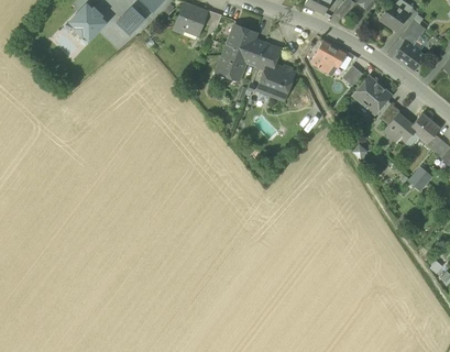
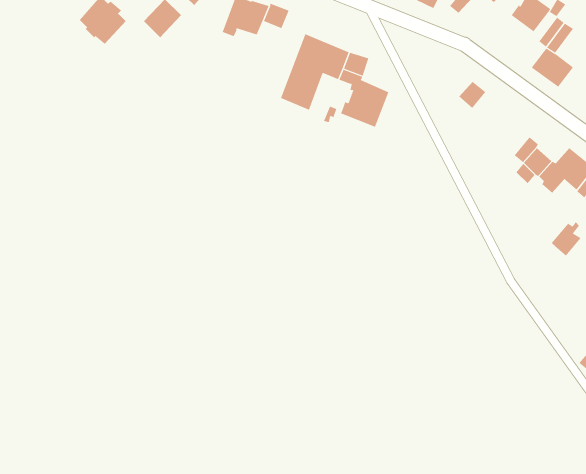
building: [310,41,344,73] -> none
building: [353,76,391,112] -> none

